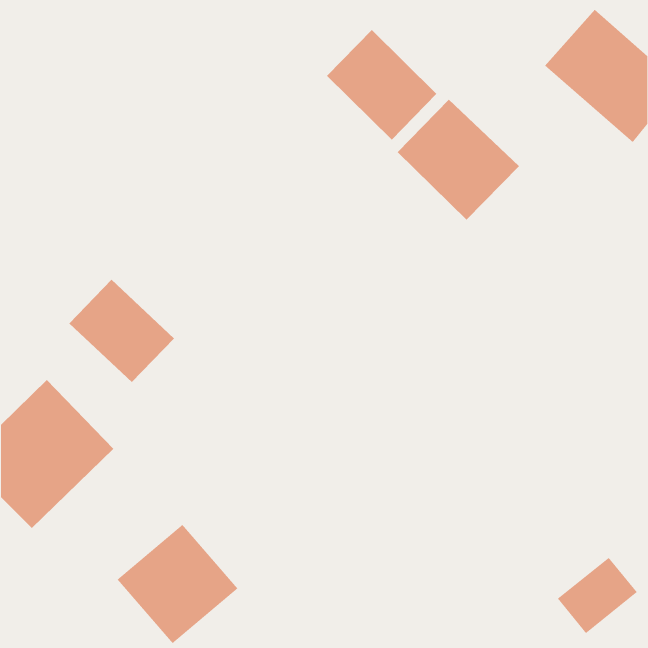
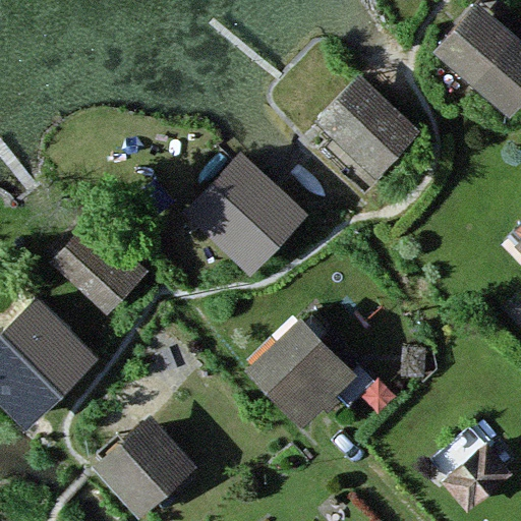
building: [326,29,437,141] -> none
building: none -> [189,156,302,269]
building: none -> [250,323,351,423]

